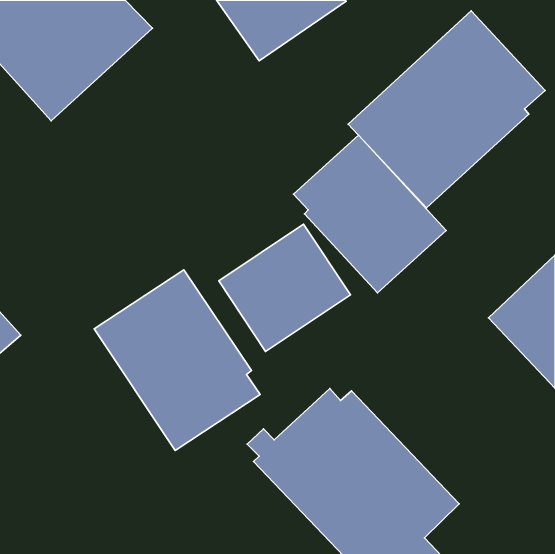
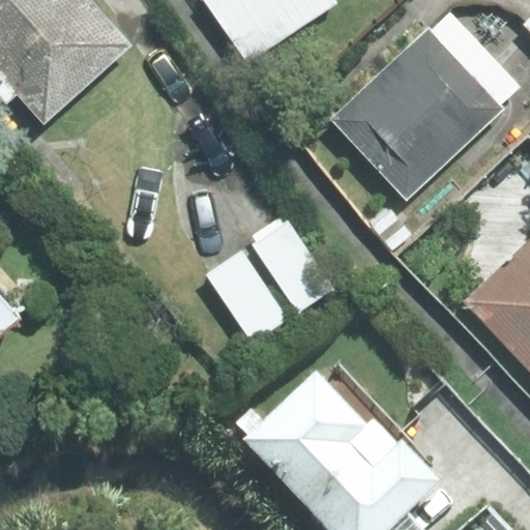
building: [294,135,446,293] -> none
building: [94,270,260,451] -> none

